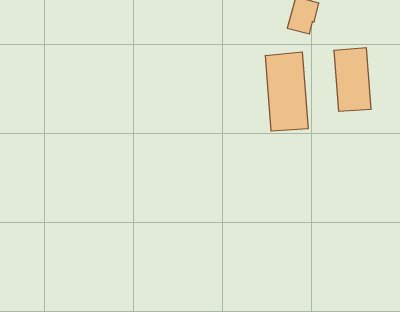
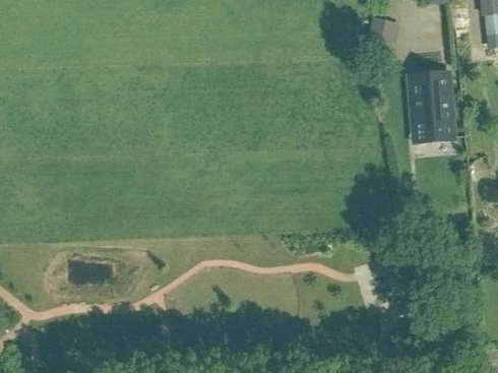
building: [265,52,308,131] -> none

